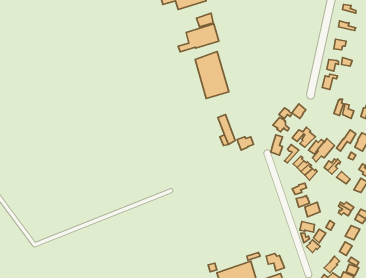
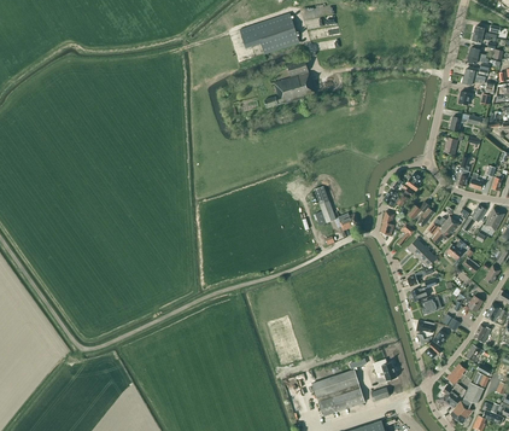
building: [195,52,229,99] -> none

